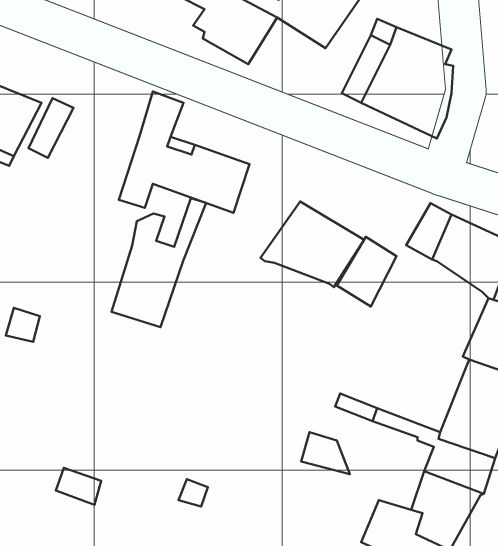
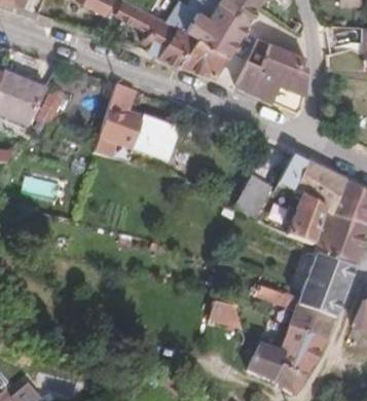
building: none -> [179,37,226,76]
building: [111,198,206,327] -> none
building: [260,201,364,287] -> none
building: none -> [286,192,326,246]

